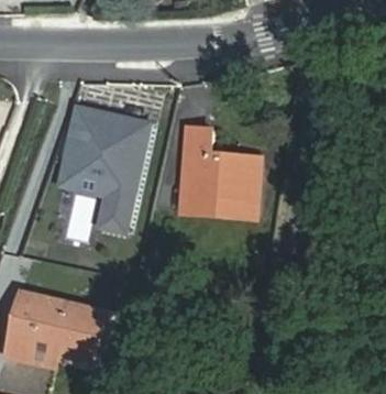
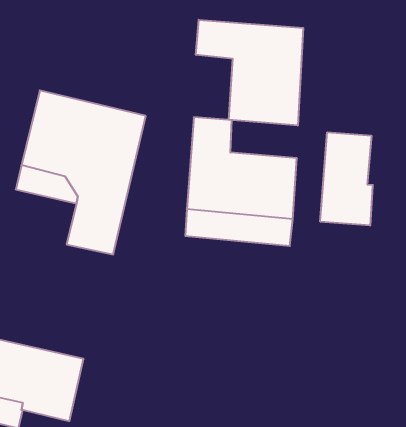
building: none -> [196,20,303,126]
building: none -> [320,132,373,226]

